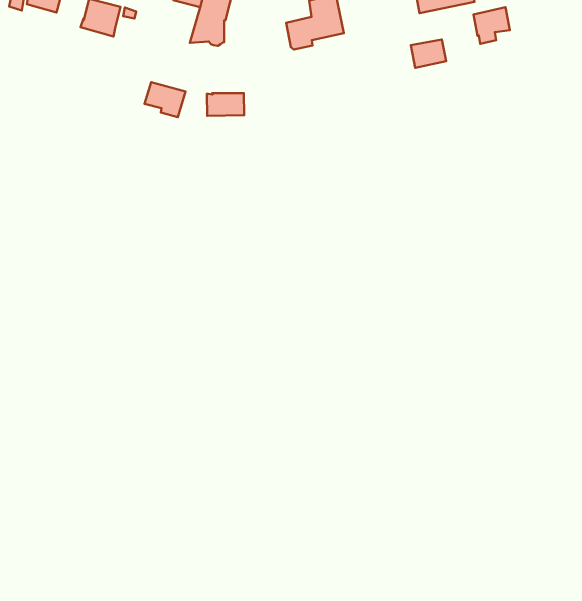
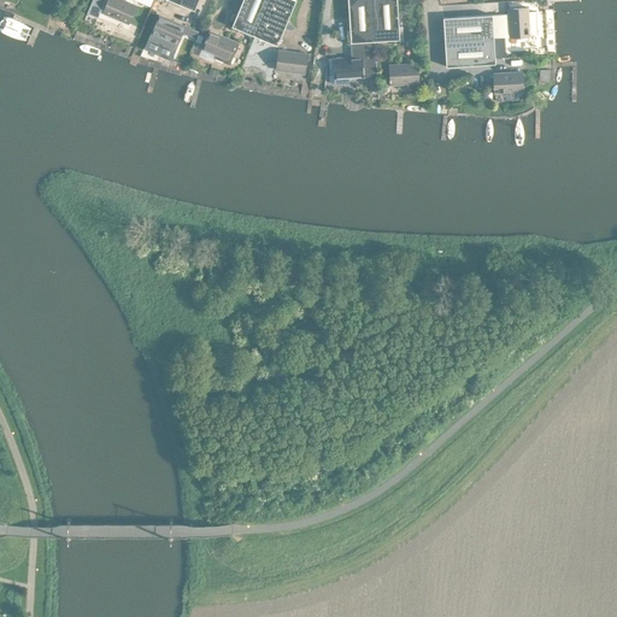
building: [411,40,446,68] -> [389,63,418,84]
building: [144,82,185,117] -> [201,30,239,64]
building: [207,93,244,116] -> [271,49,306,72]

